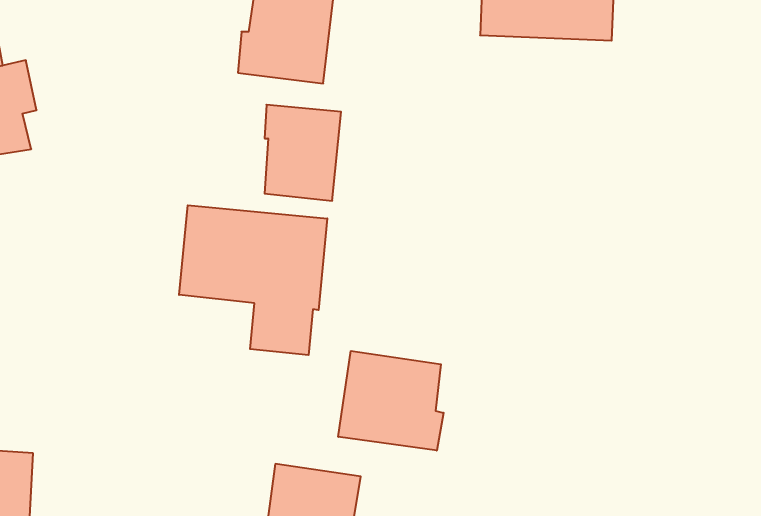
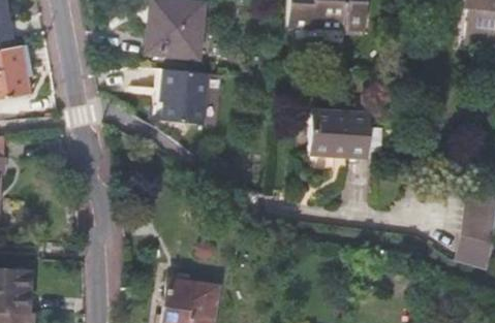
building: none -> [309,108,369,170]
building: [179,205,327,355] -> none
building: [338,351,444,451] -> none

